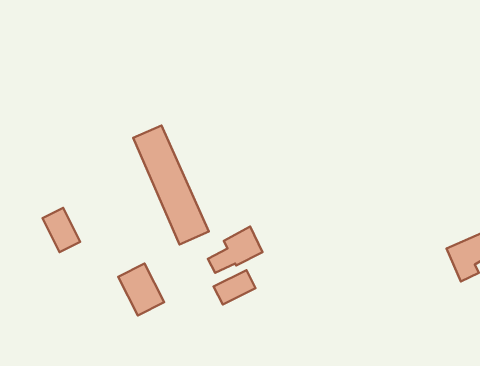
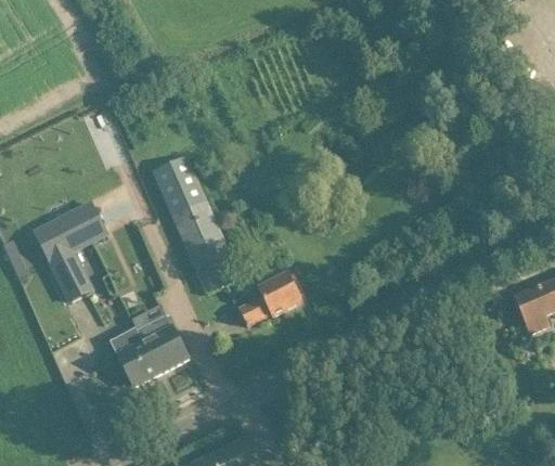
building: none -> [34,202,106,261]
building: [214,270,256,305] -> none
building: none -> [108,326,158,386]

